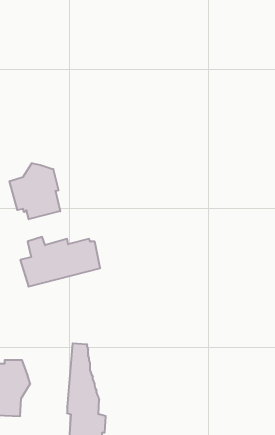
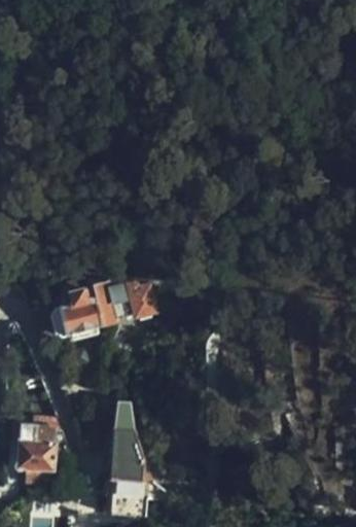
building: [10,163,60,219] -> none

